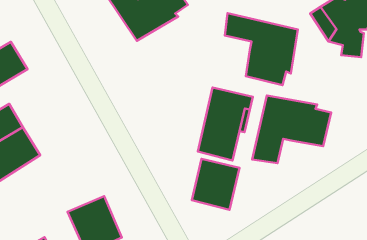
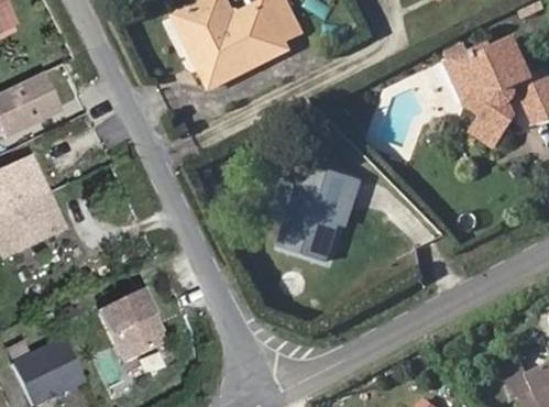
building: [225,13,298,85] -> none
building: [252,96,331,163] -> none
building: [192,159,239,210] -> none

